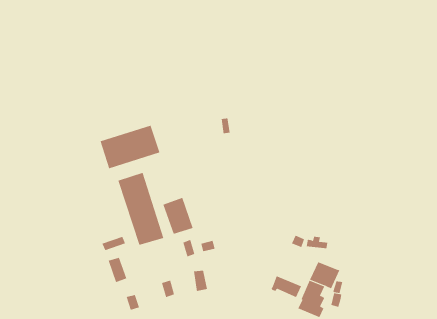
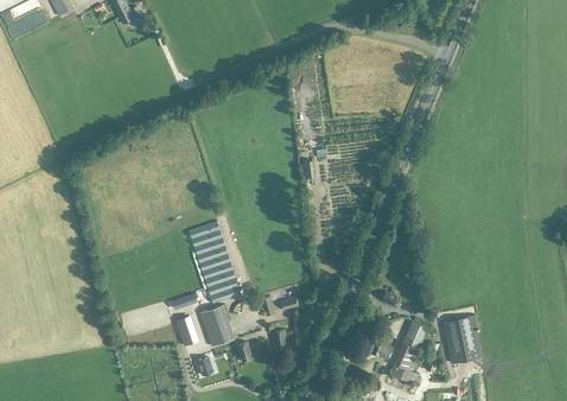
building: [100,125,160,169] -> none
building: [163,197,193,234] -> [199,304,234,345]
building: none -> [442,314,480,363]

